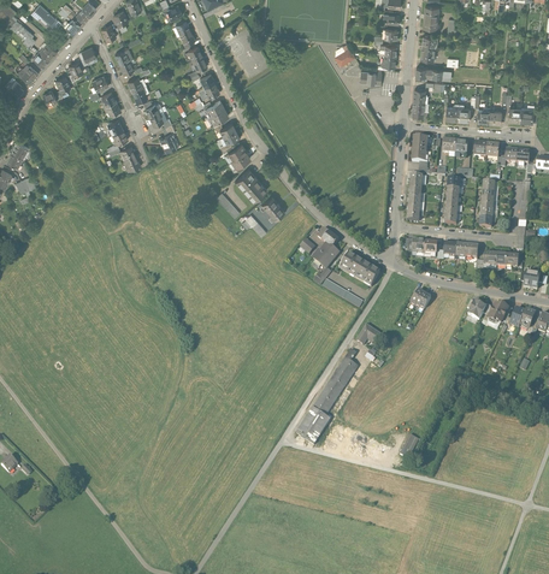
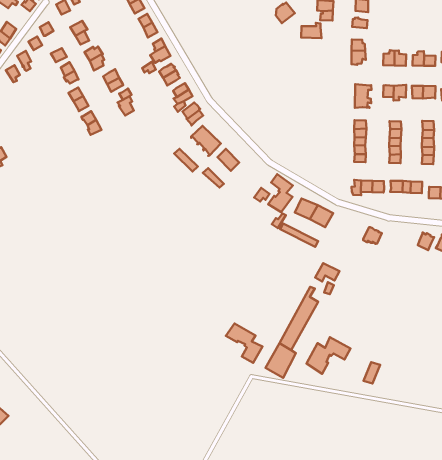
building: none -> [226,324,263,363]
building: none -> [306,337,351,374]

